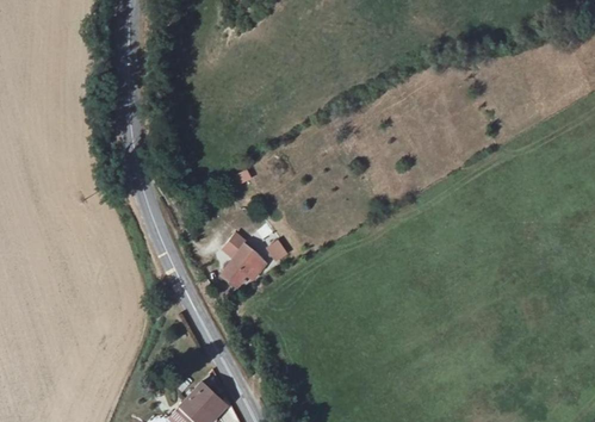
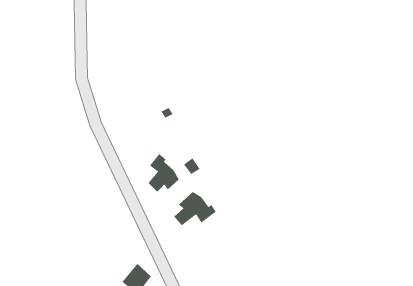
building: none -> [173,191,217,226]

